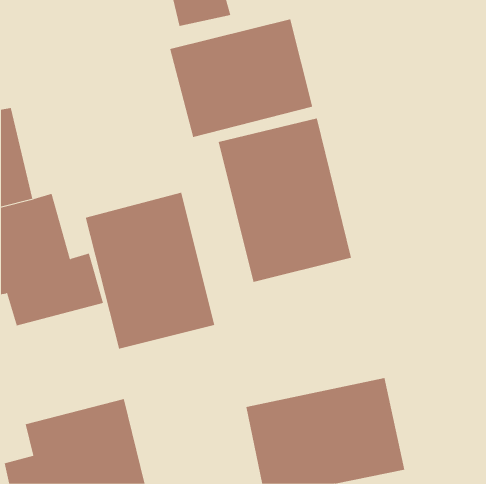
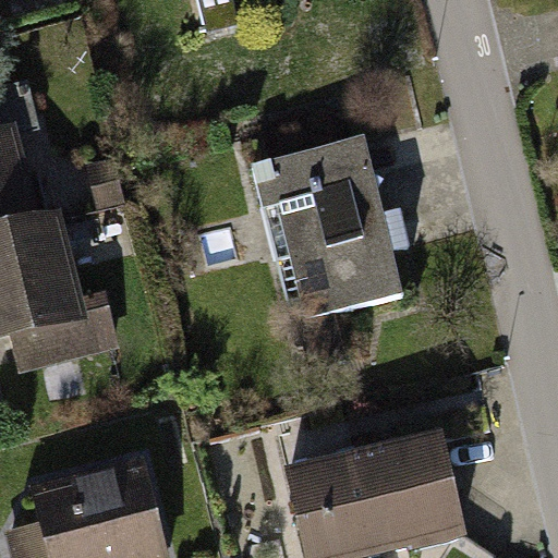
building: [169,18,313,138] -> none
building: [85,192,215,349] -> none

